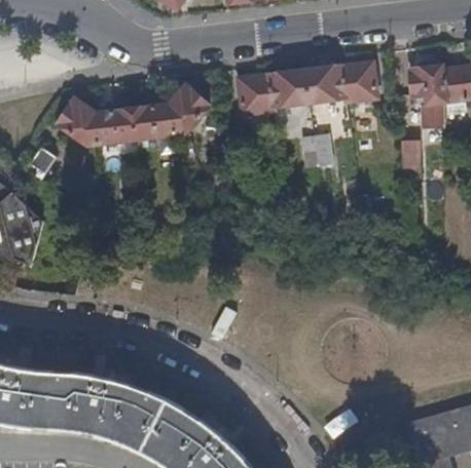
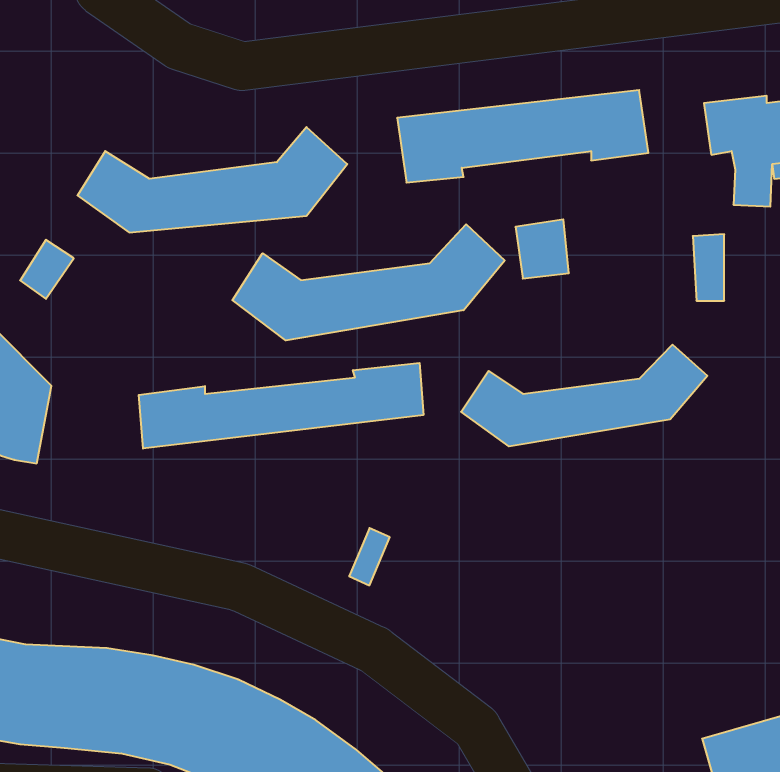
building: none -> [232,224,505,340]
building: none -> [461,345,707,446]
building: none -> [139,363,423,449]

